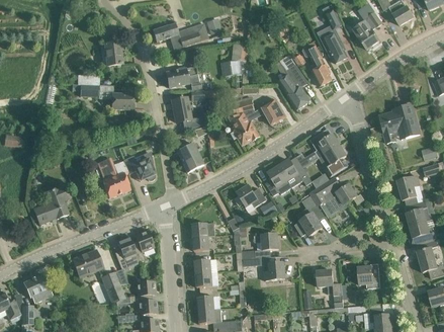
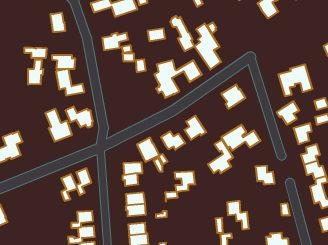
building: [322,33,347,63] -> none
building: [302,44,332,86] -> [170,16,194,51]
building: [171,97,205,130] -> [56,69,84,95]
building: none -> [28,59,43,85]
building: [176,143,203,172] -> [137,138,160,162]
building: [319,145,346,173] -> [277,101,299,125]
building: [278,156,312,186] -> none
building: [71,250,102,277] -> none
building: [262,256,284,280] -> none
building: [357,266,380,288] -> [255,166,275,184]
building: [100,272,124,304] -> none

